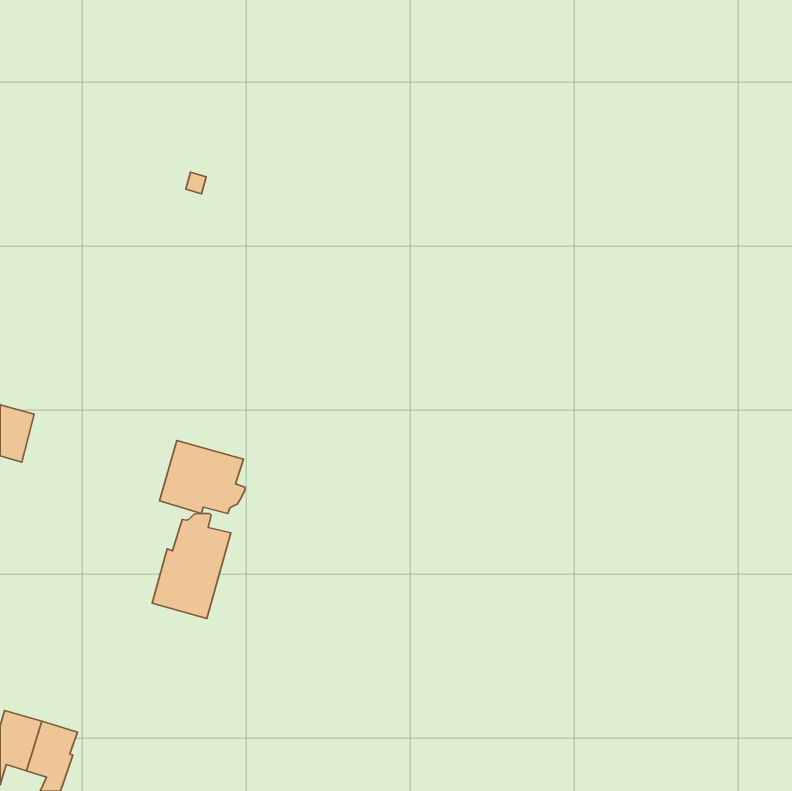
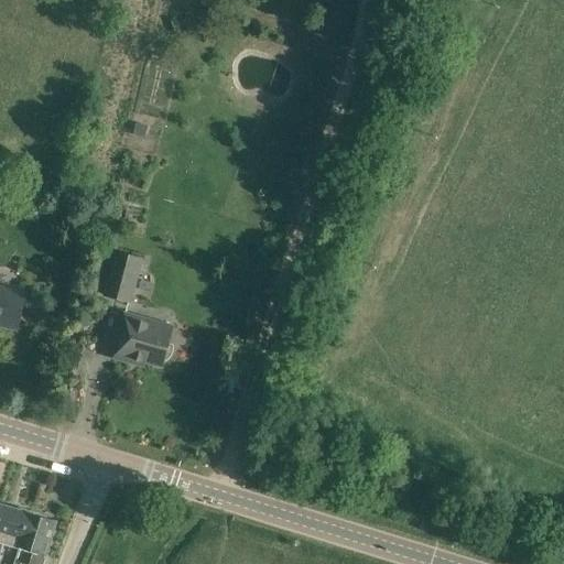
building: none -> [105,253,141,302]
building: [152,513,231,618] -> none

